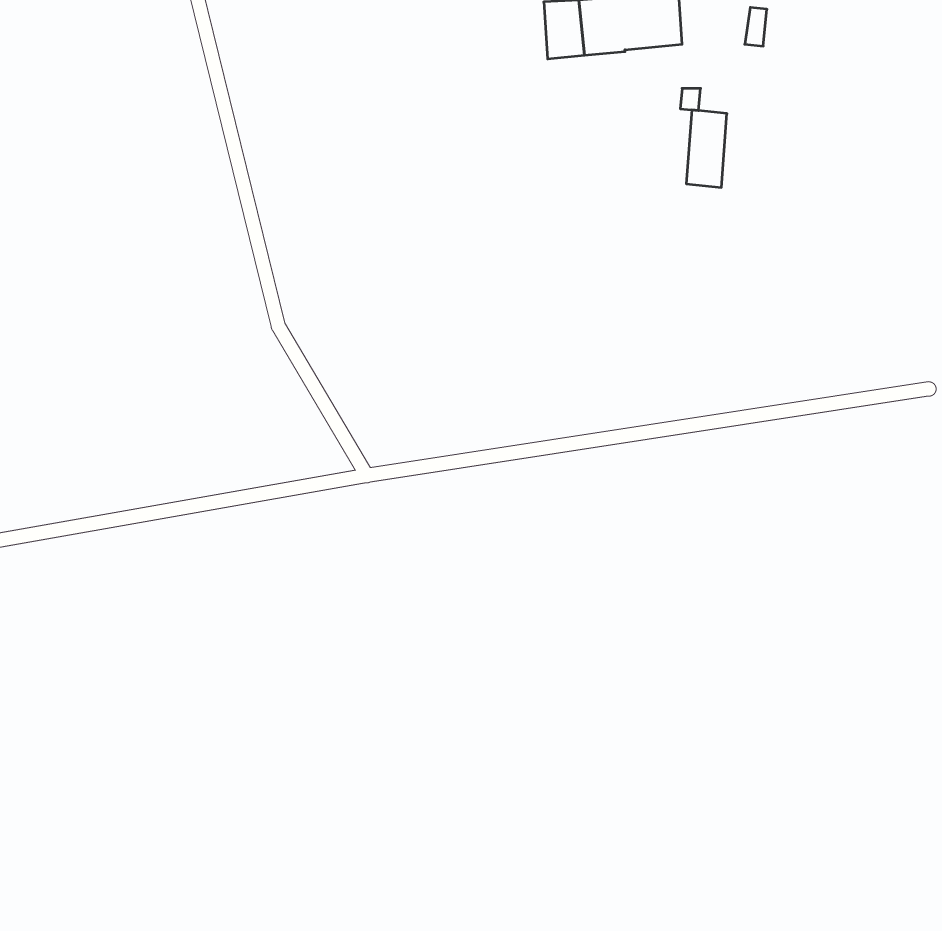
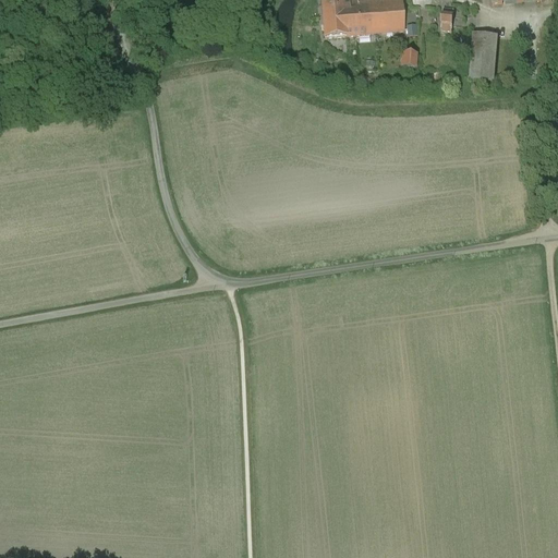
building: [686,110,727,187] -> [472,32,496,77]

